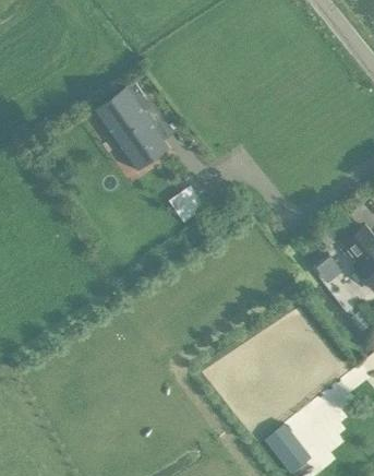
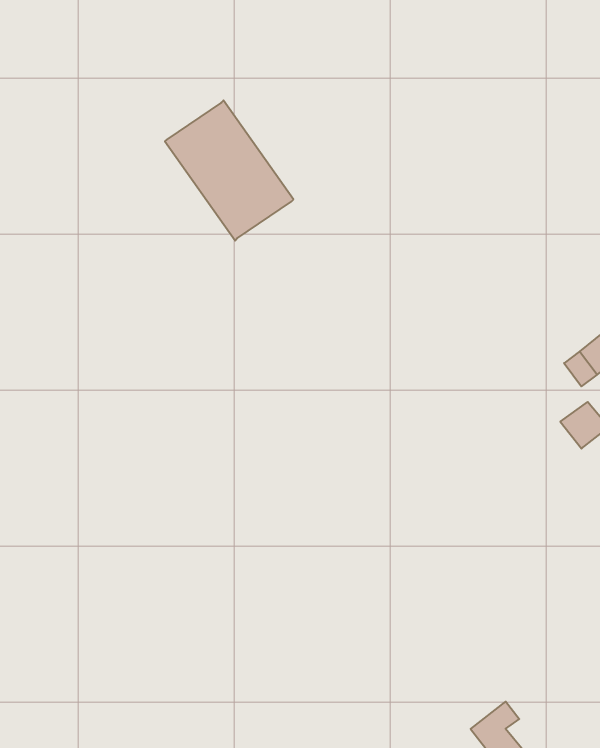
building: [171,186,207,223] -> none

